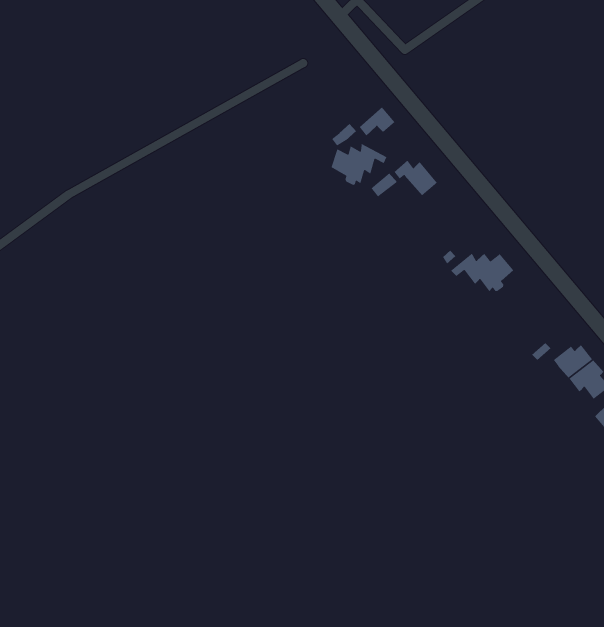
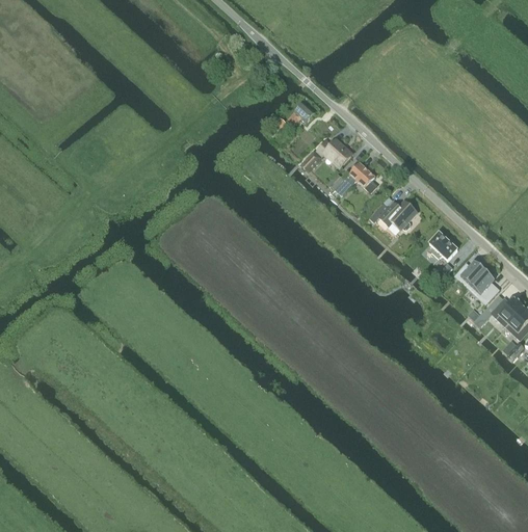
building: [330,143,387,186] -> none
building: none -> [336,164,377,193]
building: none -> [430,232,458,259]

